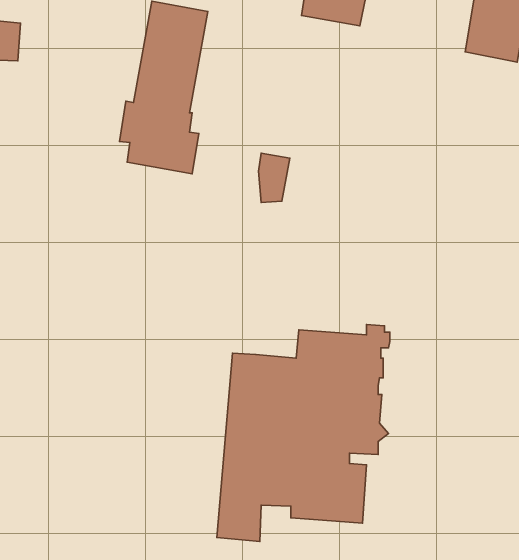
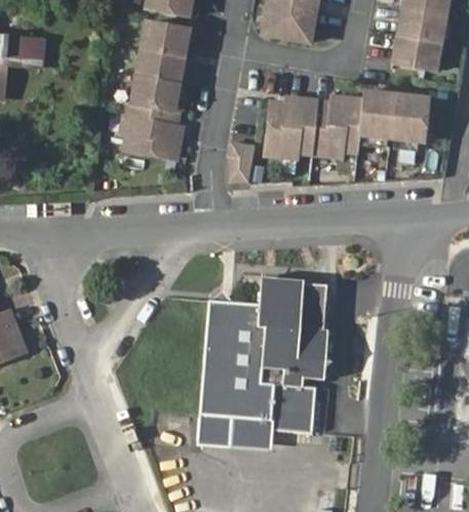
building: none -> [267,89,428,157]
building: none -> [231,420,270,451]

